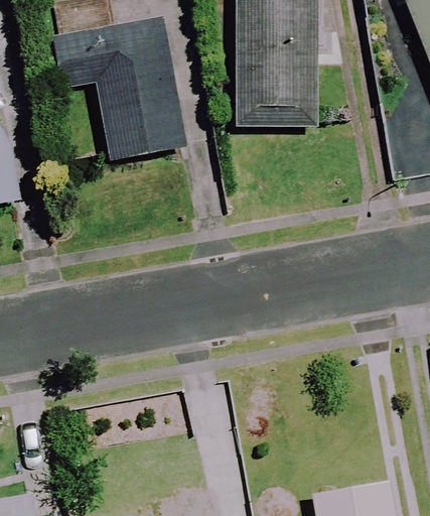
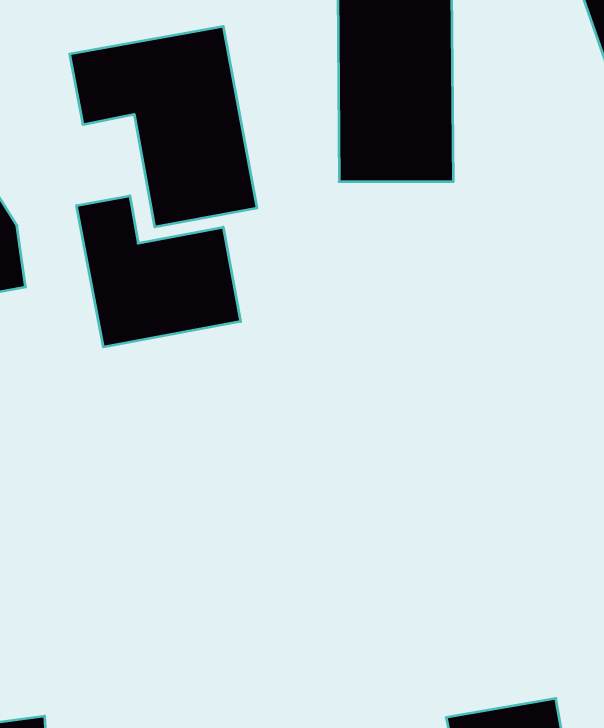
building: none -> [77,196,241,347]

